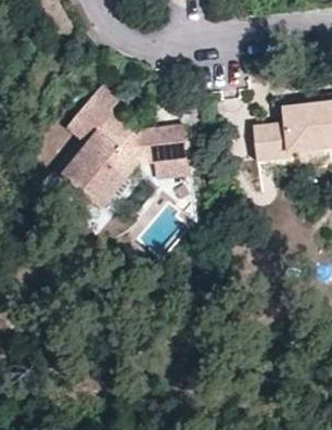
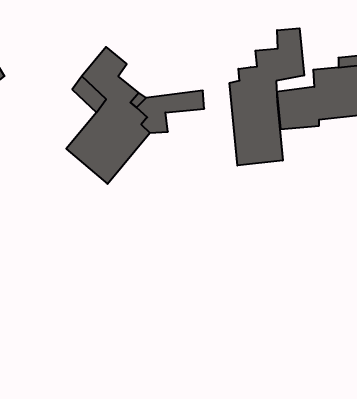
building: none -> [230,28,304,166]
building: [152,140,190,176] -> none

